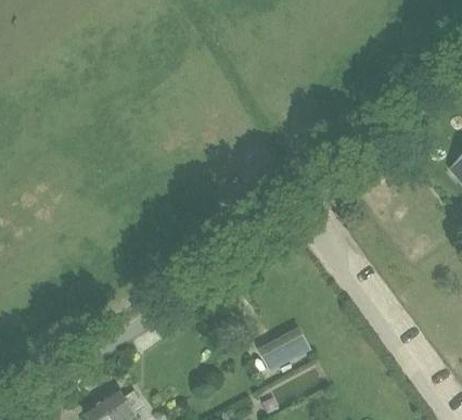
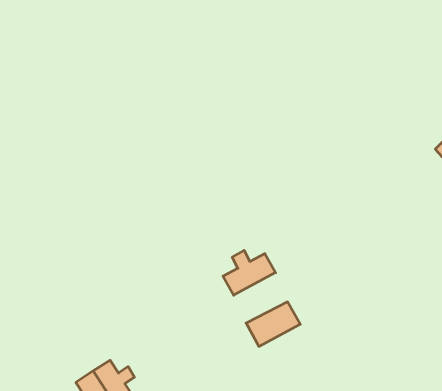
building: none -> [223,250,276,295]

